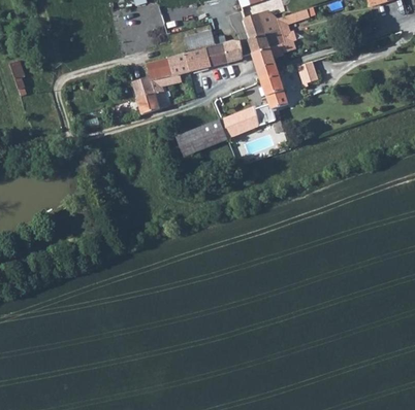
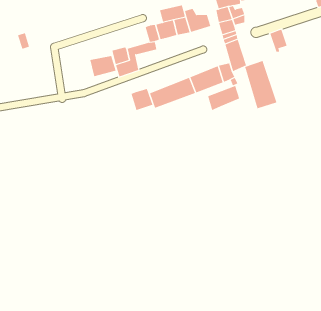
building: [143,59,174,83] -> [89,55,116,77]
building: none -> [245,60,277,109]
building: none -> [208,85,240,111]
building: none -> [131,88,153,111]

